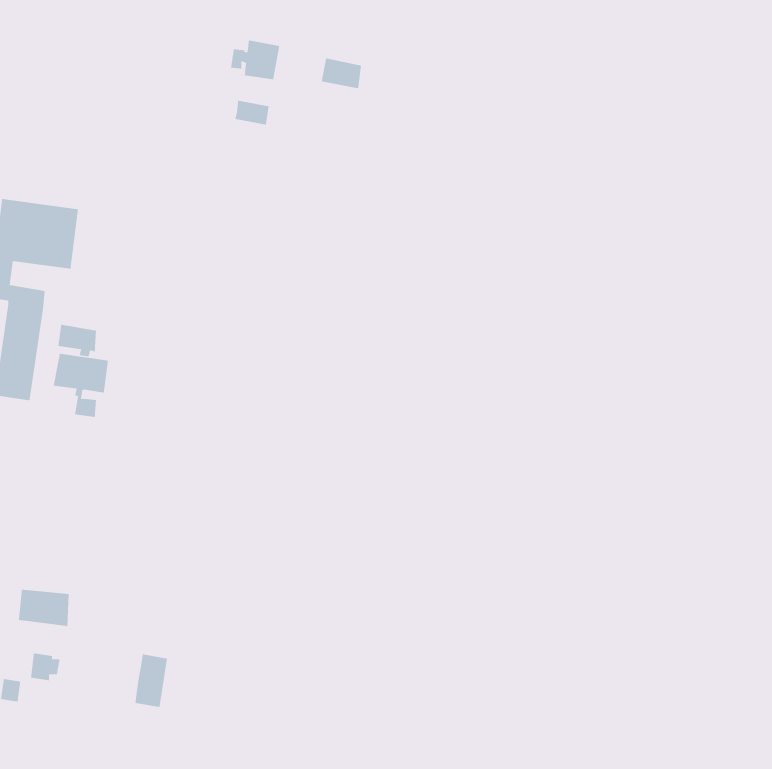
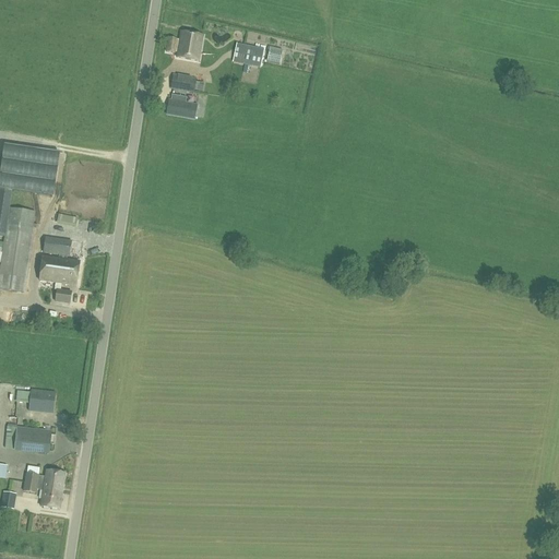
building: none -> [165,93,197,117]
building: none -> [27,386,55,411]
building: [135,653,168,708] -> [39,467,63,507]

